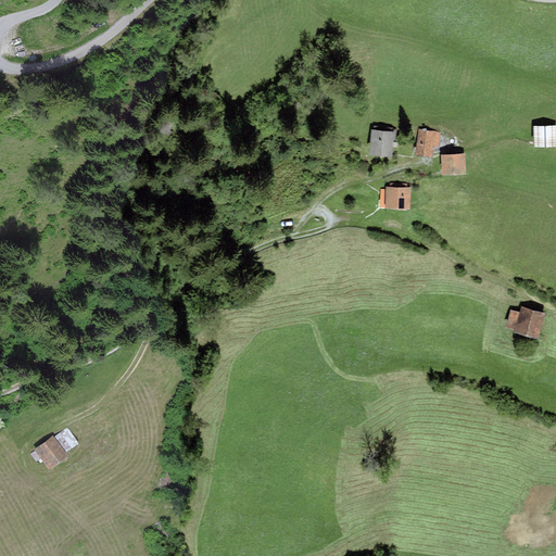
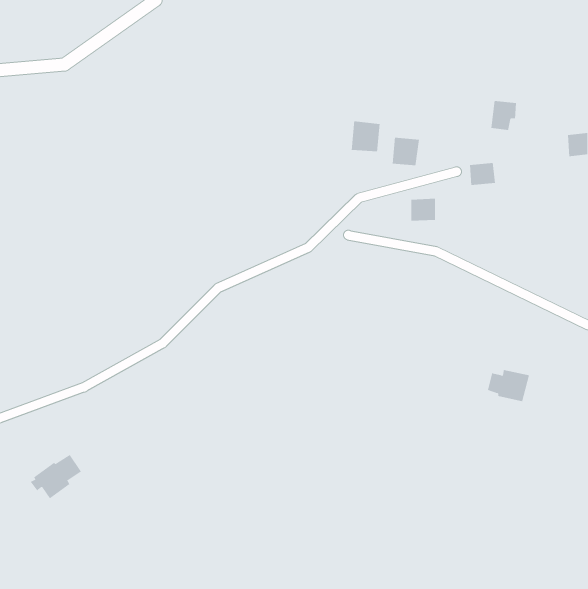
building: none -> [351,121,380,152]
building: [415,129,440,157] -> [490,100,517,130]
building: [506,307,546,338] -> [487,370,530,402]

